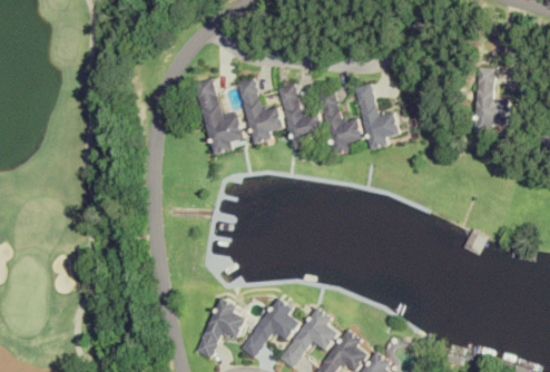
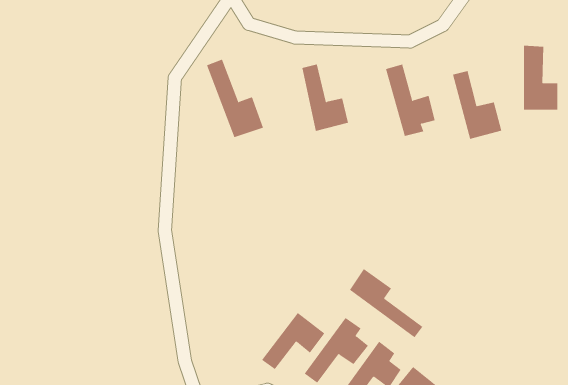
building: [236,79,282,141] -> none
building: [317,90,362,151] -> [452,71,502,140]
building: none -> [349,268,423,338]
building: [196,298,246,358] -> none

